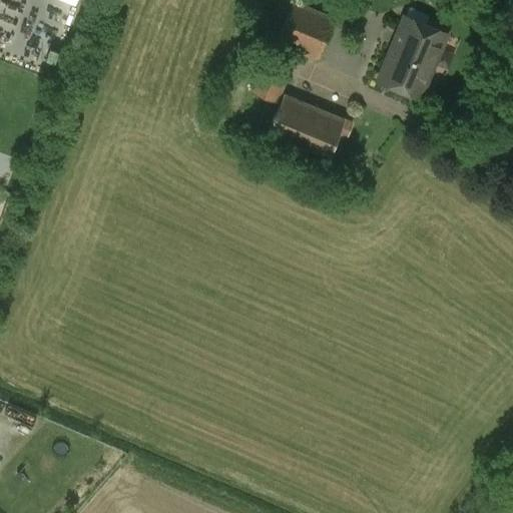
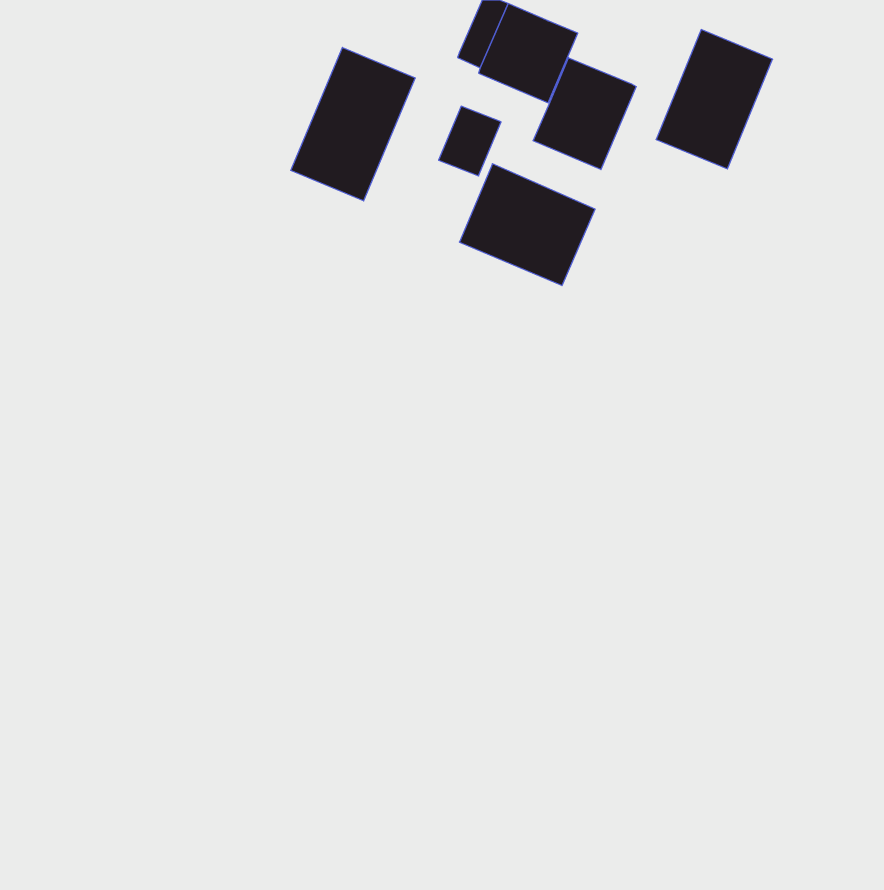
building: none -> [291,47,415,201]
building: none -> [533,58,636,170]

